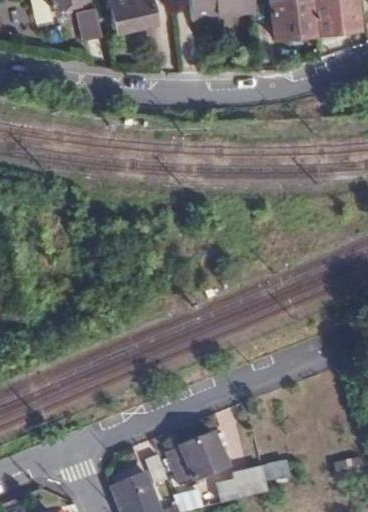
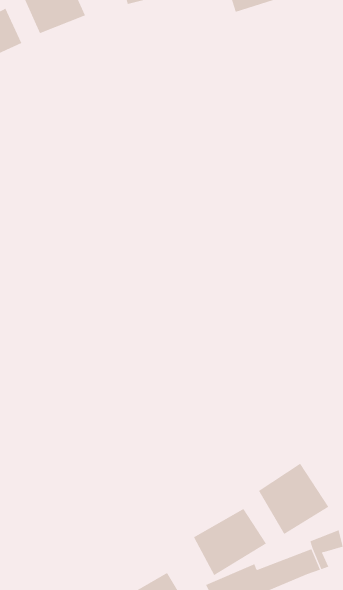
building: none -> [258,463,329,535]

